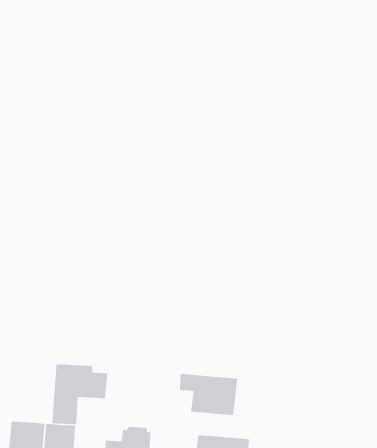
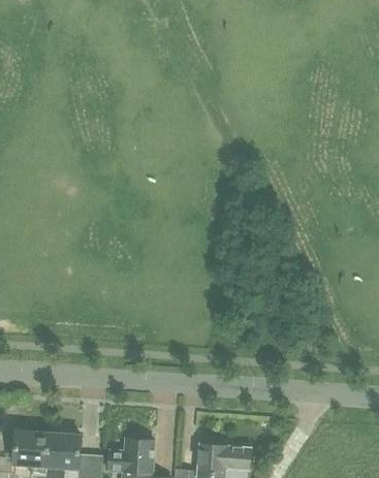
building: [52,364,108,425] -> none
building: [180,373,238,416] -> none

